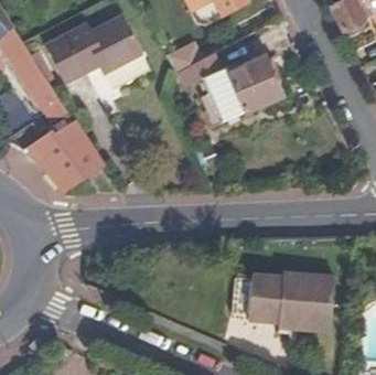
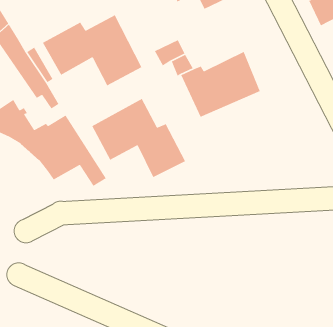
building: none -> [91,98,186,178]
building: [230,275,333,330] -> none

